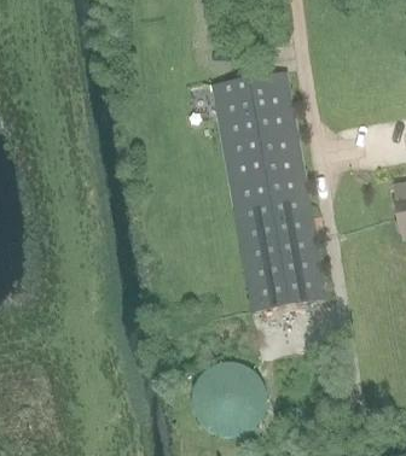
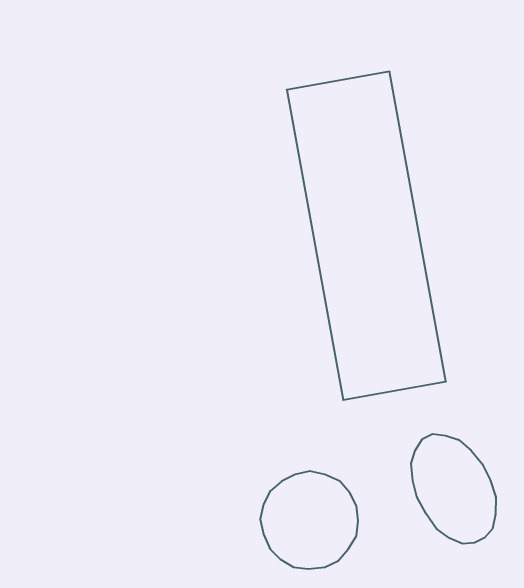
building: none -> [411,434,496,544]

